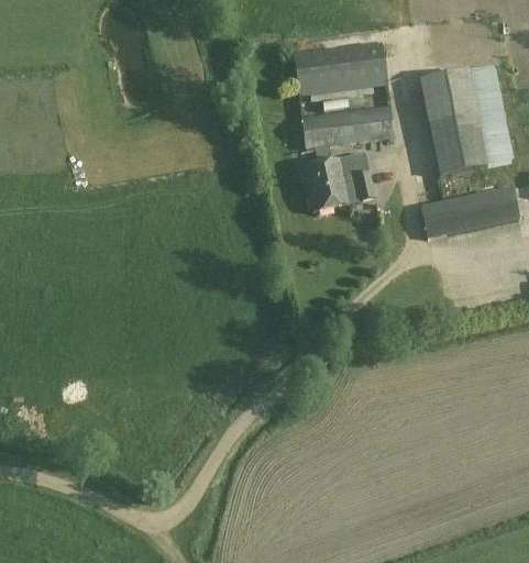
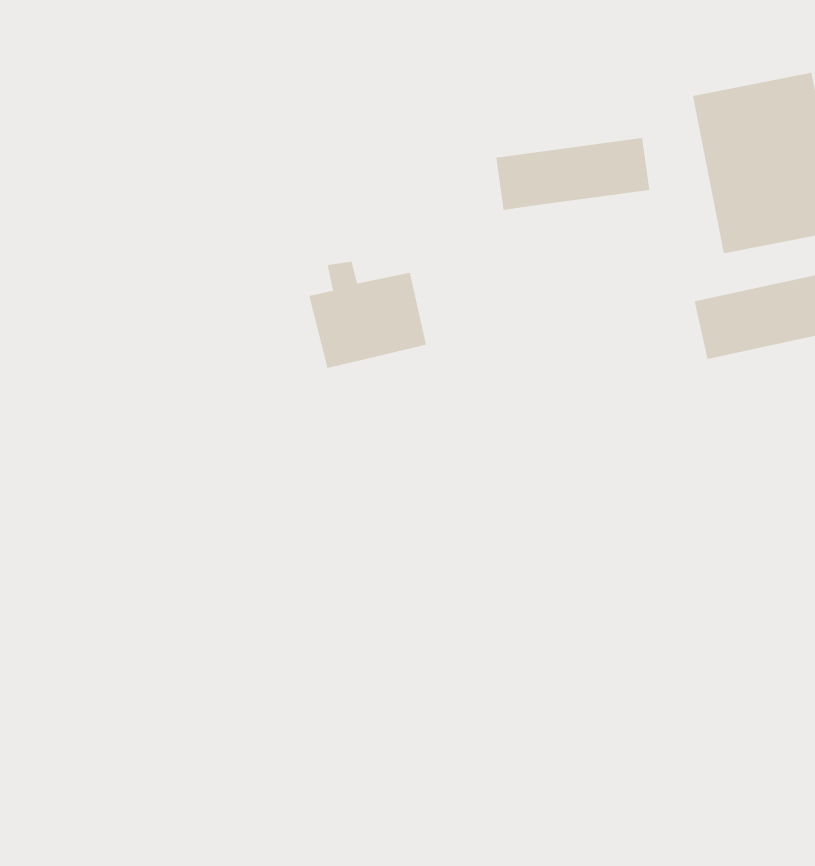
building: [294,42,387,95] -> none
building: [302,146,374,211] -> [309,261,427,369]

